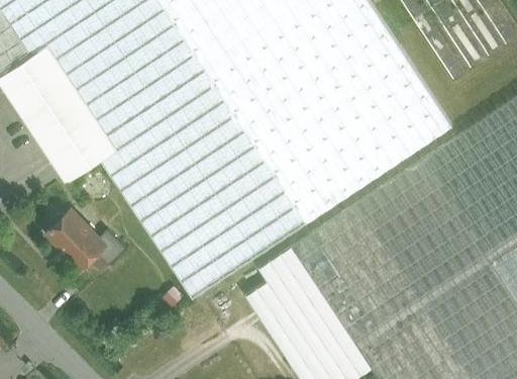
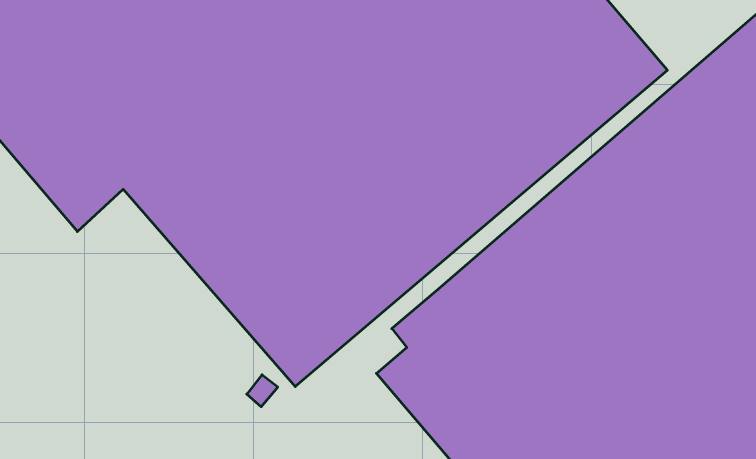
building: [45,207,125,271] -> none

